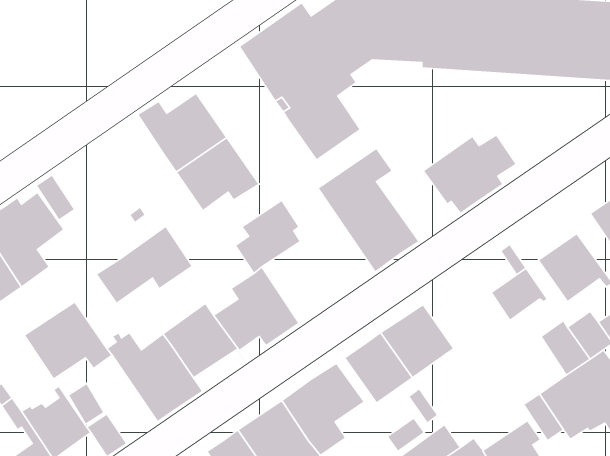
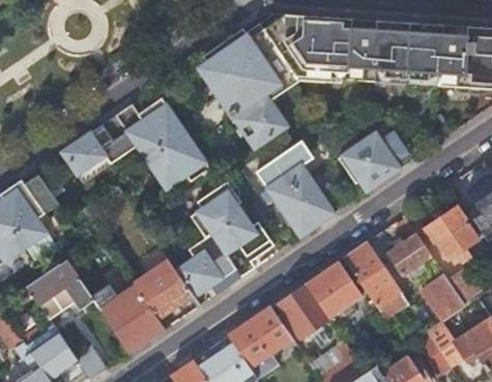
building: [96,226,192,304] -> [61,115,136,175]
building: none -> [211,213,273,276]
building: none -> [342,241,400,307]

